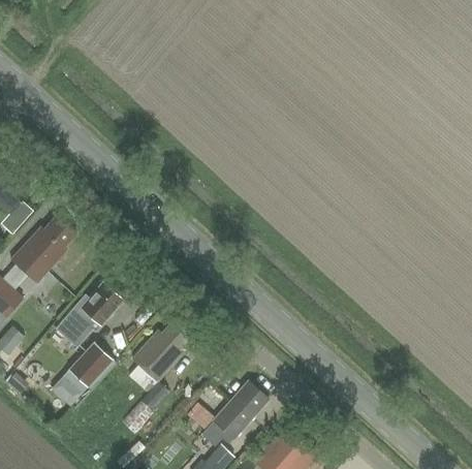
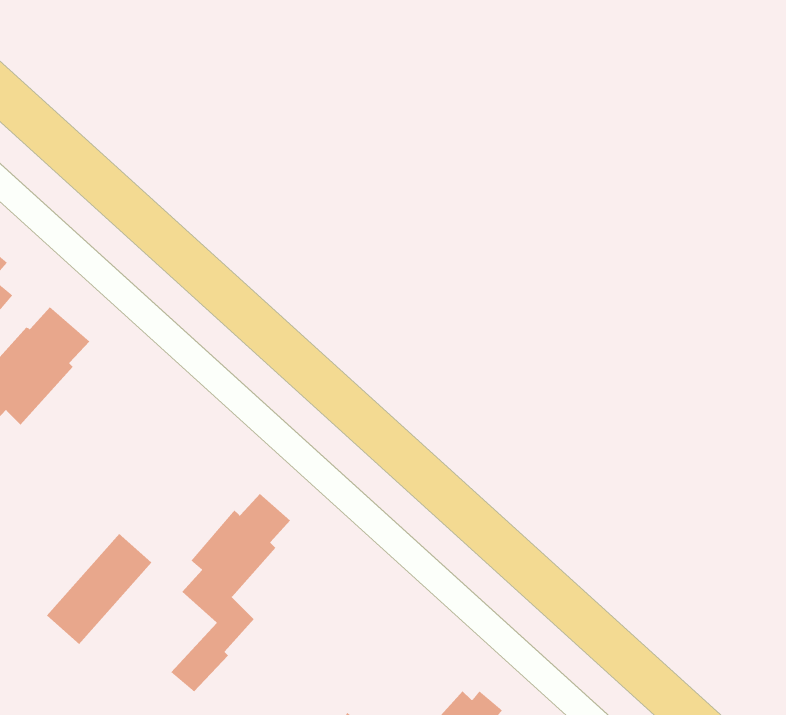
building: [57,283,125,348] -> none
building: [203,381,269,441] -> none

